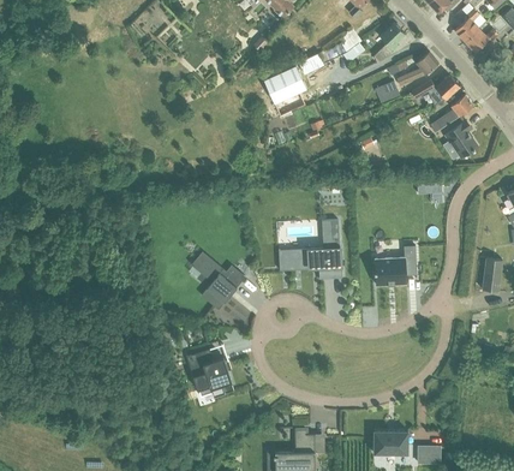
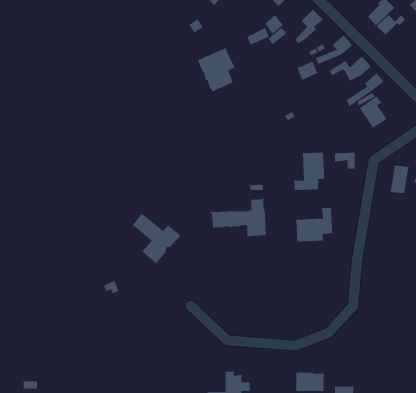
building: none -> [293,152,325,191]
building: [482,257,503,290] -> [390,165,409,194]
building: [192,348,234,395] -> none

